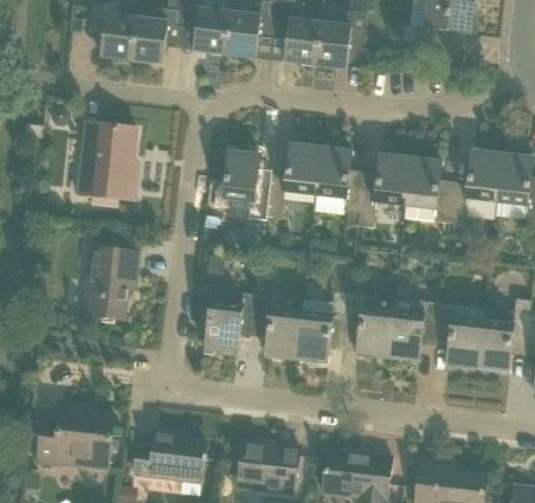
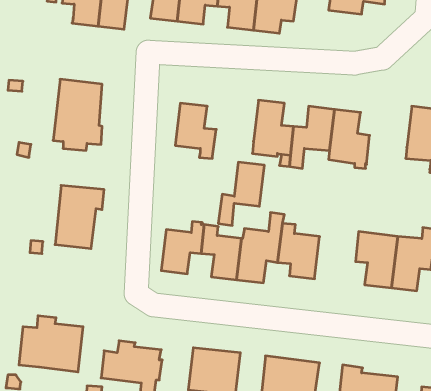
building: [266,143,321,218] -> [218,162,264,225]
building: [449,150,502,228] -> none
building: [387,297,439,361] -> none

